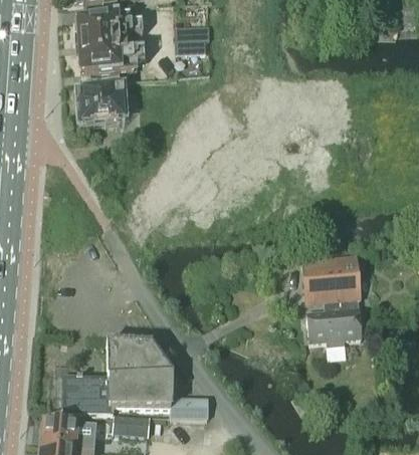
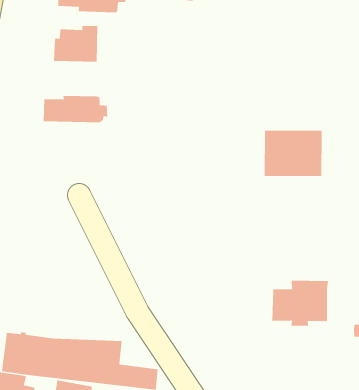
building: none -> [43,95,108,123]
building: [301,255,360,303] -> [264,130,323,177]
building: [106,340,173,377] -> none

